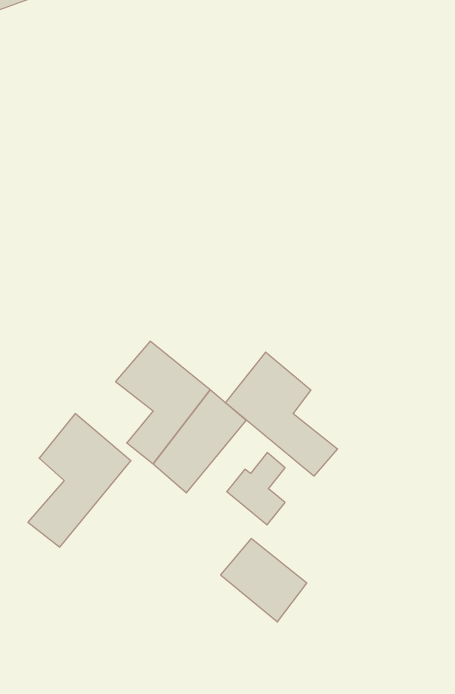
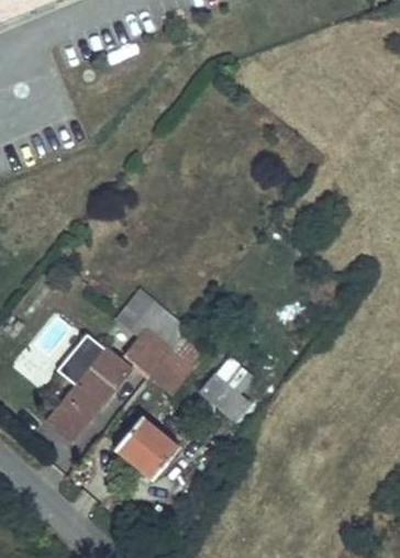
building: [225,352,338,476] -> none
building: [221,539,307,622] -> [107,414,175,480]

